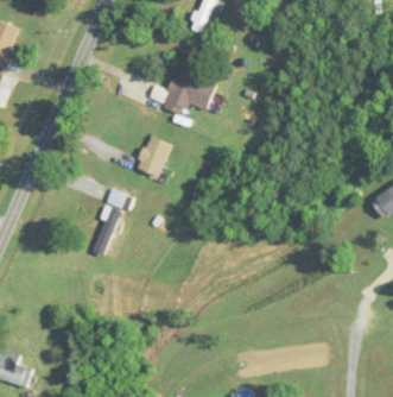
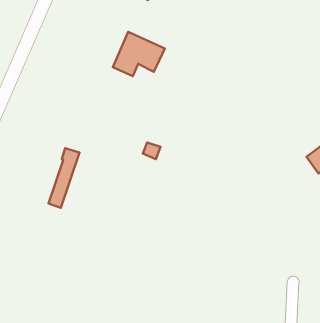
building: [134,134,173,177] -> none

